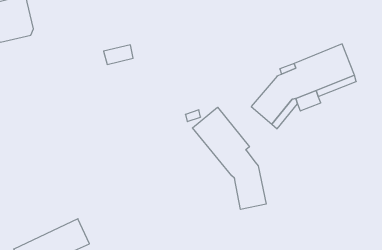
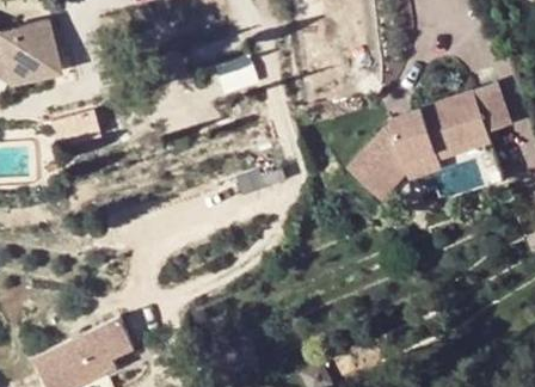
building: [192,107,266,209] -> none

